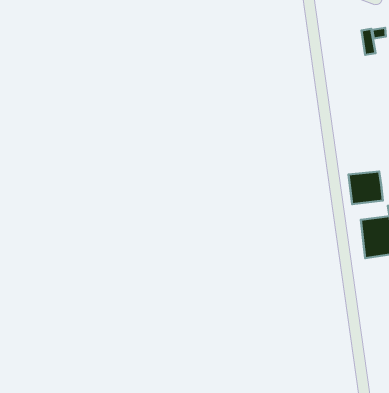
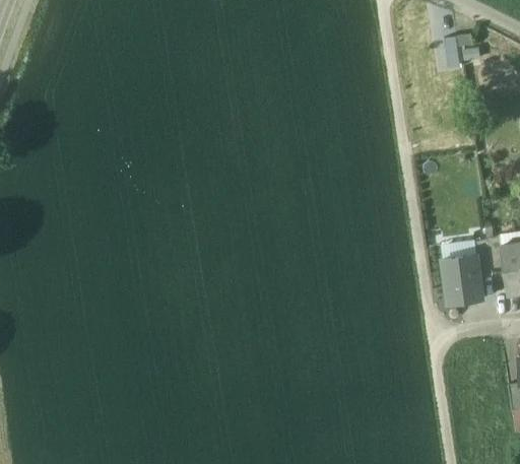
building: [348,172,383,204] -> none

